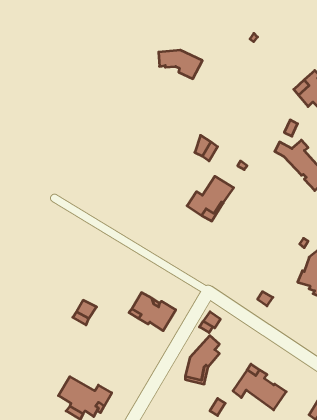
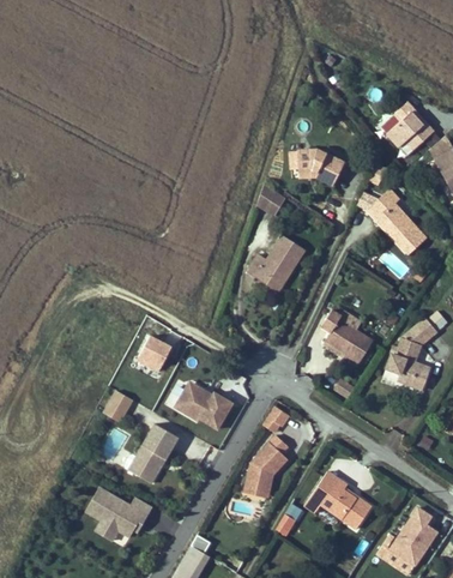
building: [159,50,202,79] -> [290,149,345,185]
building: none -> [321,305,373,363]
building: none -> [134,336,173,378]
building: none -> [125,422,179,483]

